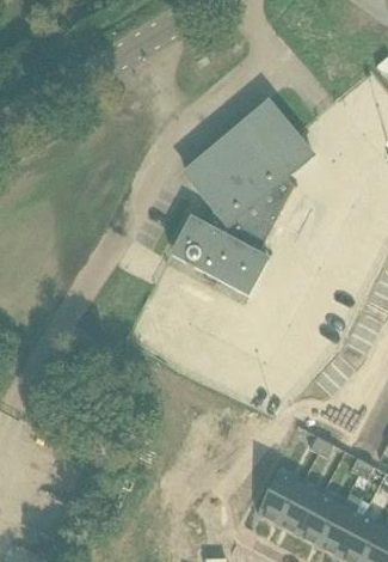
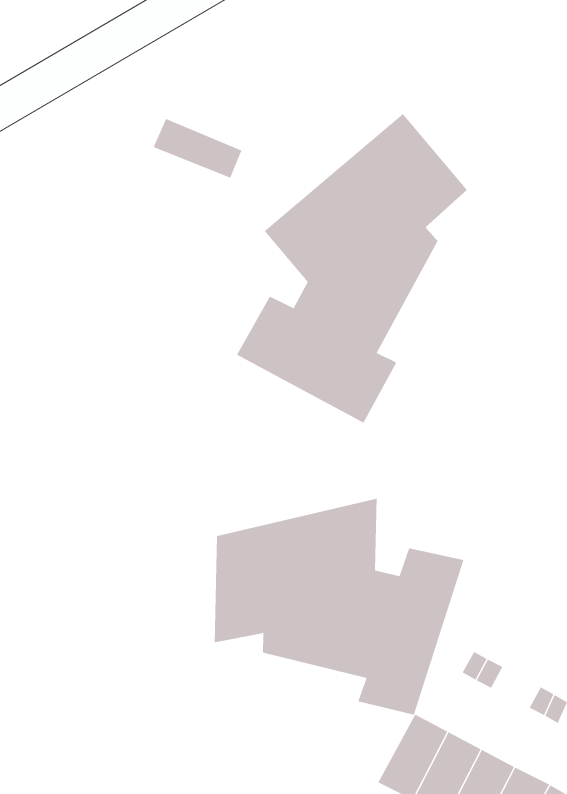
building: none -> [153,118,242,179]
building: none -> [214,498,464,715]

